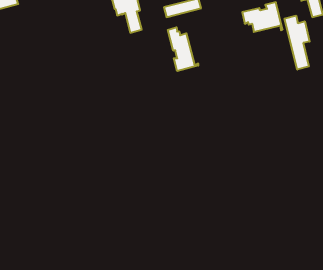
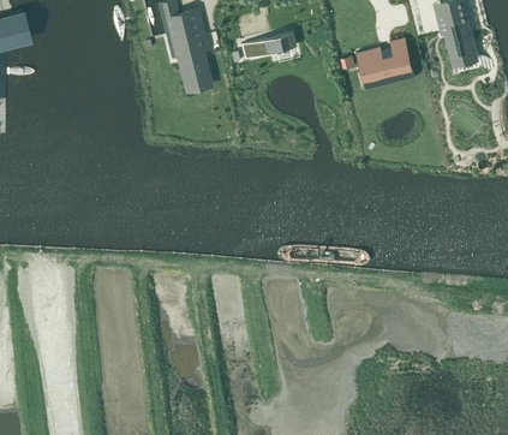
building: [285,16,310,70] -> none
building: [168,27,198,71] -> none

